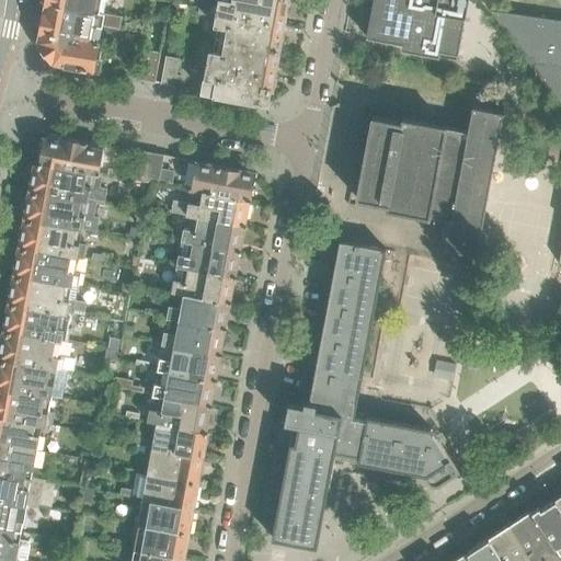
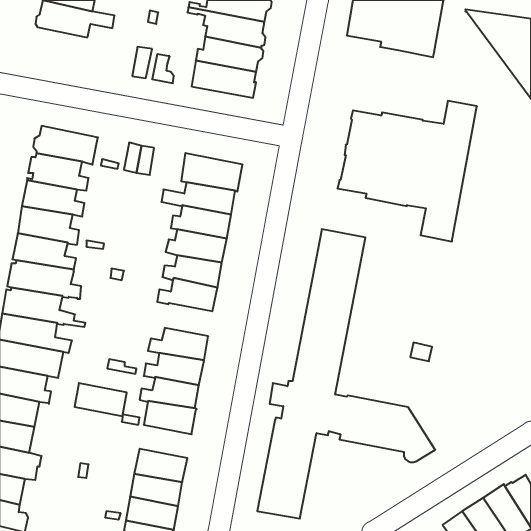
building: [37,30,101,72] -> none
building: [161,320,224,355] -> none
building: [147,448,202,483] -> [75,383,127,416]

